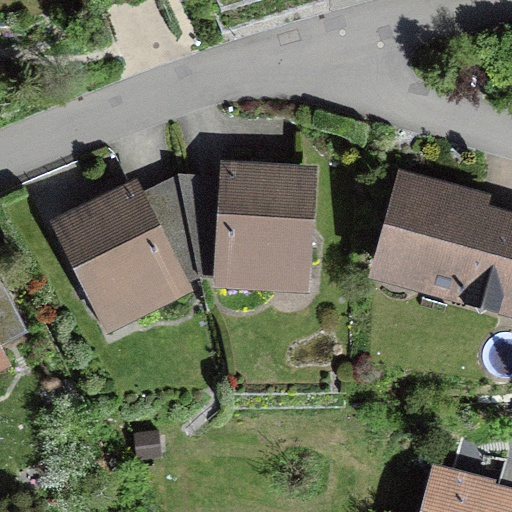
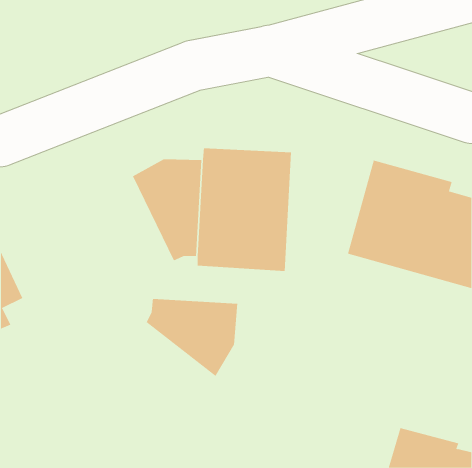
building: [49,179,193,335] -> none
building: none -> [146,298,238,377]

